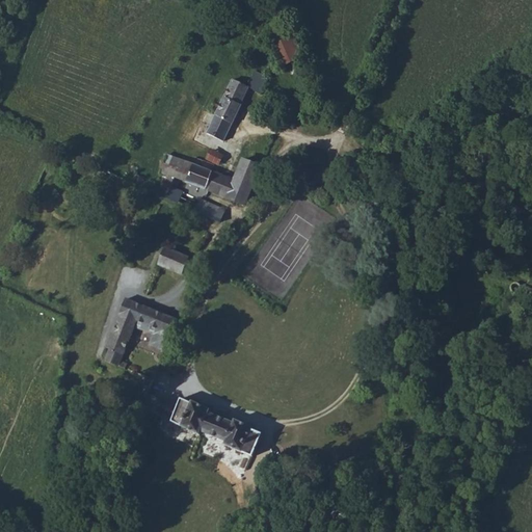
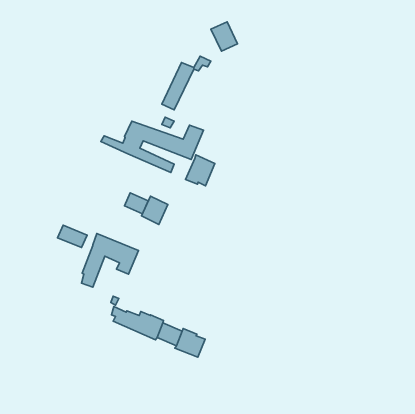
building: none -> [186,155,215,186]
building: none -> [141,196,168,224]
building: none -> [58,225,87,248]

